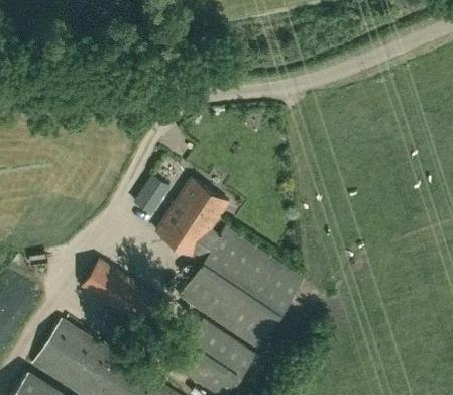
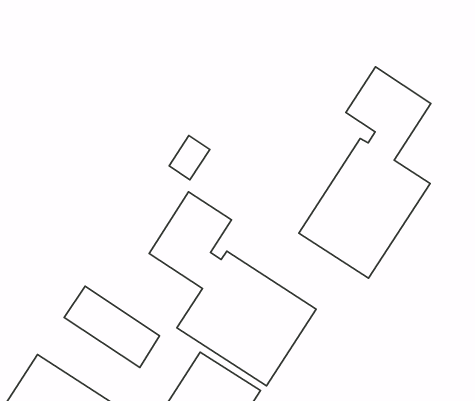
building: none -> [299,67,431,278]
building: [134,177,169,215] -> [169,136,210,180]

